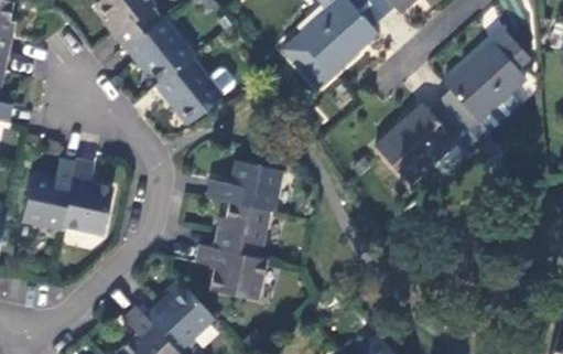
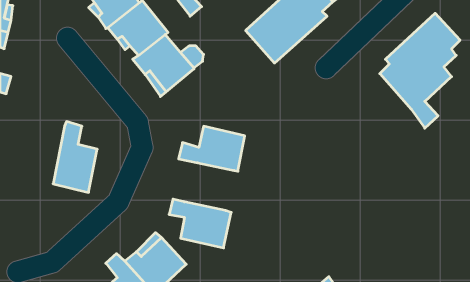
building: [376,99,474,183] -> none
building: [21,157,75,232] -> none
building: [213,202,270,257] -> none

